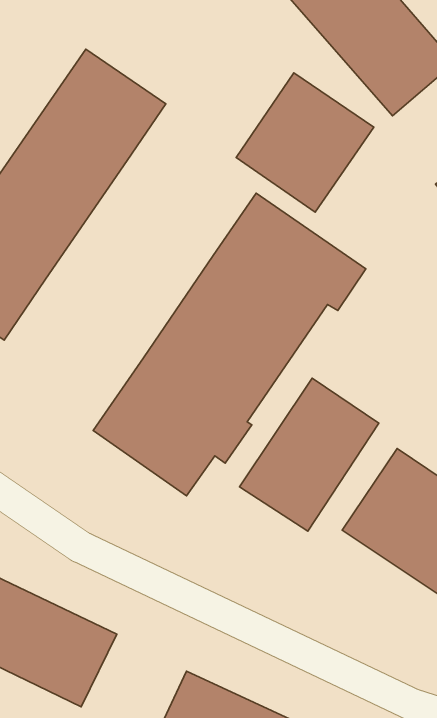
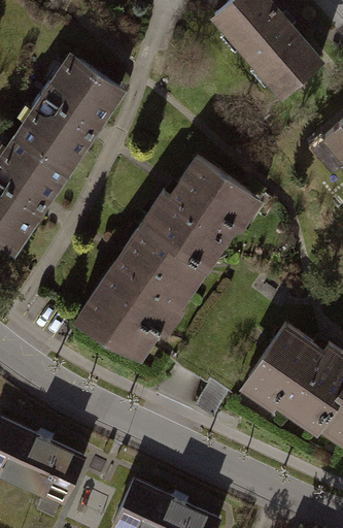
building: [236,73,374,212] -> none
building: [240,378,379,531] -> none

